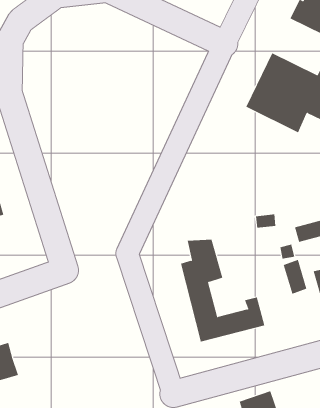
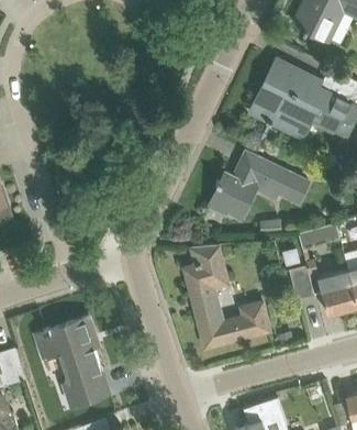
building: none -> [210,153,306,220]
building: none -> [34,317,109,405]

